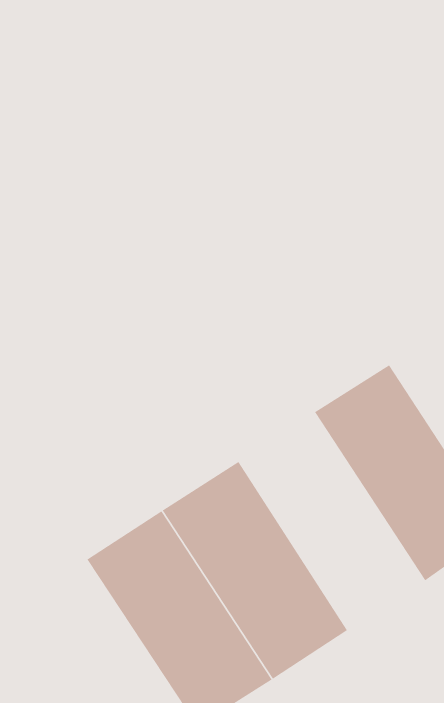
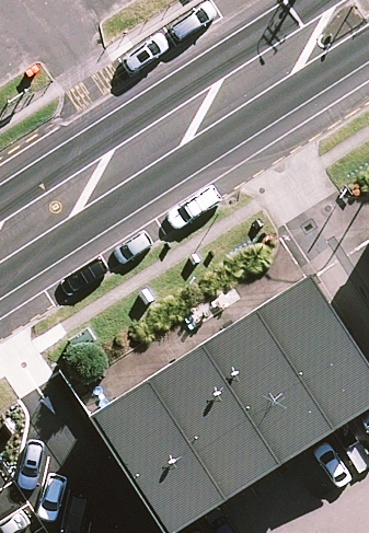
building: none -> [204,309,336,464]

